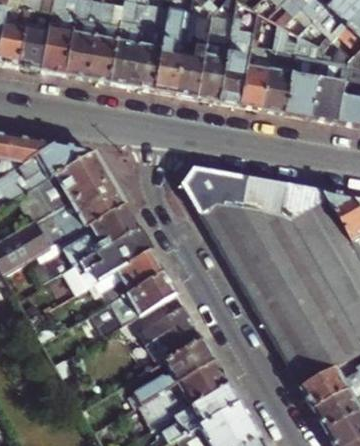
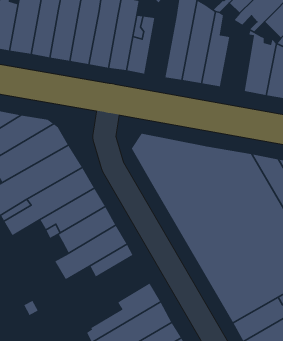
building: [197,25,233,100] -> none
building: [285,33,323,116] -> none
building: [140,306,203,359] -> none

